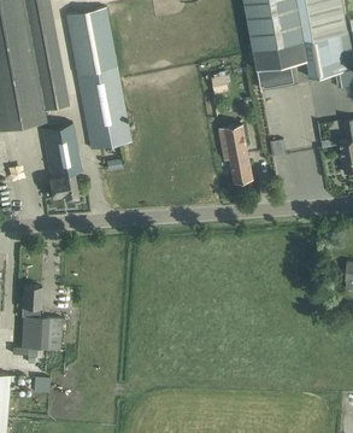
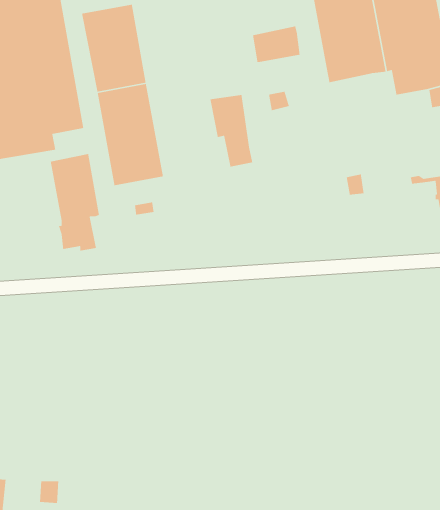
building: [258,63,295,92] -> [252,25,300,63]
building: [219,127,253,183] -> [209,94,253,168]
building: [22,287,63,351] -> none

